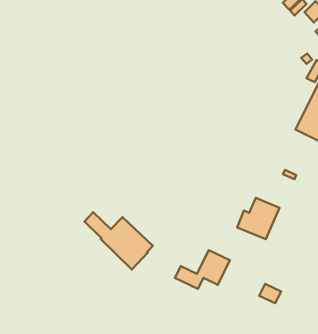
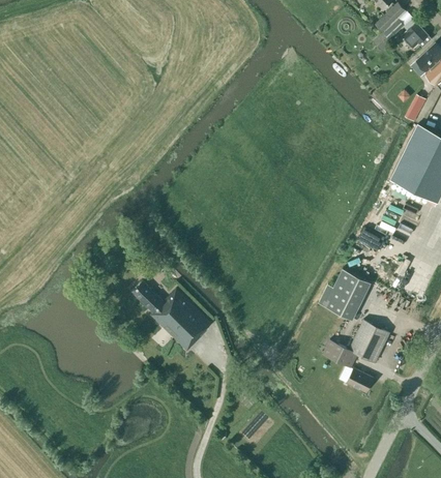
building: [175,250,230,289] -> [322,321,389,368]

